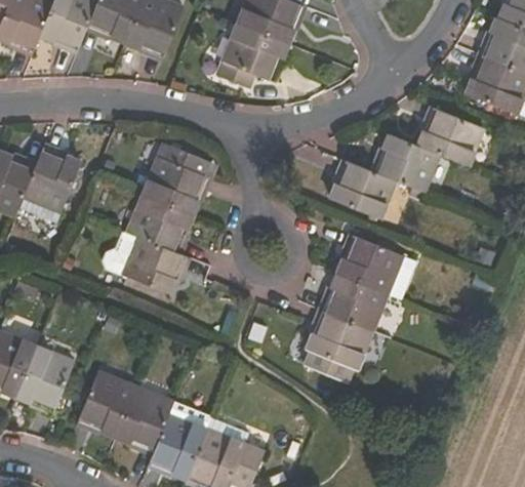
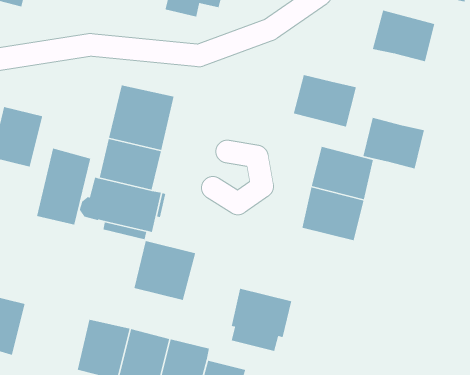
building: [373,132,439,191] -> [363,117,425,169]
building: none -> [36,147,91,225]
building: none -> [133,240,196,301]
building: [305,312,371,380] -> [231,288,292,352]
building: [15,346,74,411] -> none

